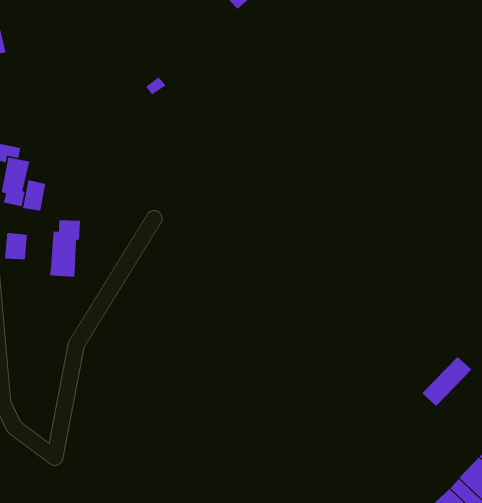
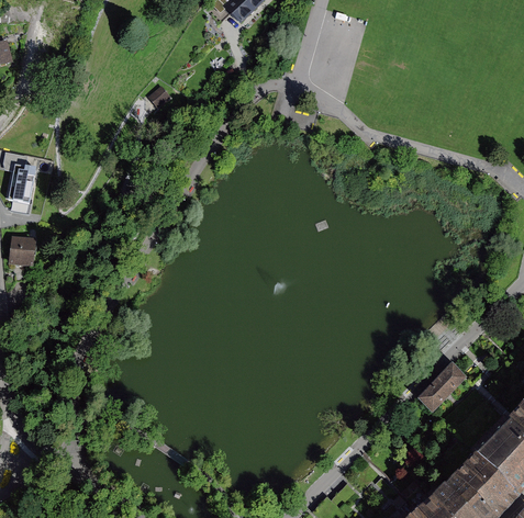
building: [22,179,46,212] -> none
building: [49,219,81,278] -> none

